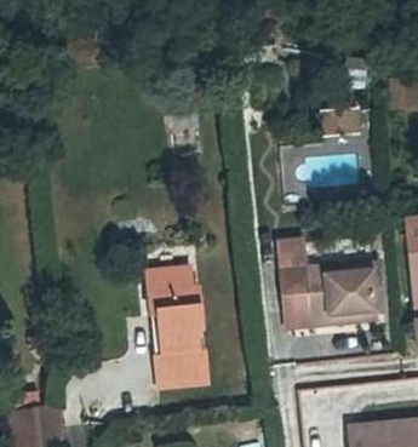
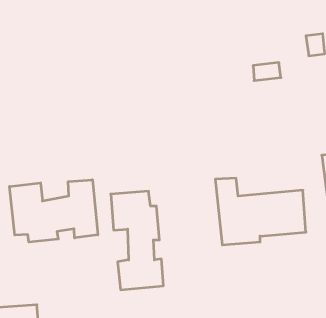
building: none -> [10,180,98,242]

